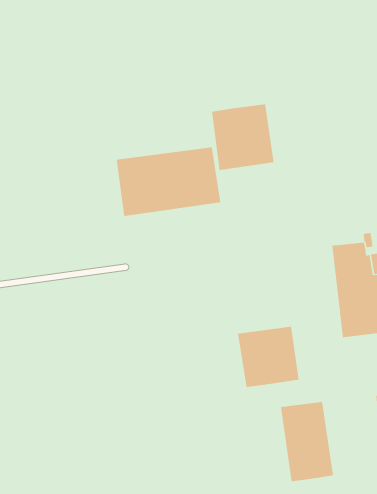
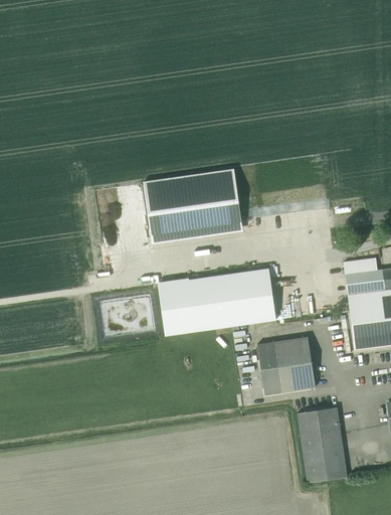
building: [212,104,274,171] -> none
building: none -> [158,269,275,336]

